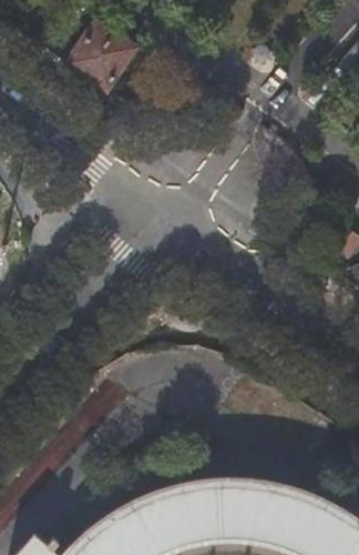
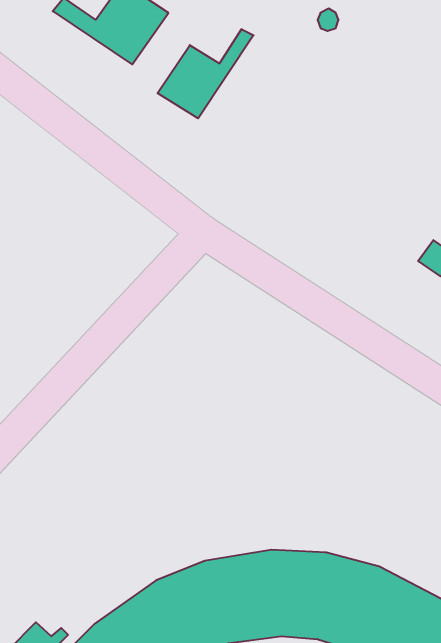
building: none -> [158,29,254,118]

